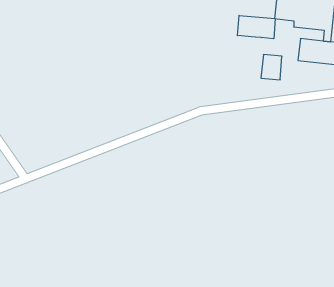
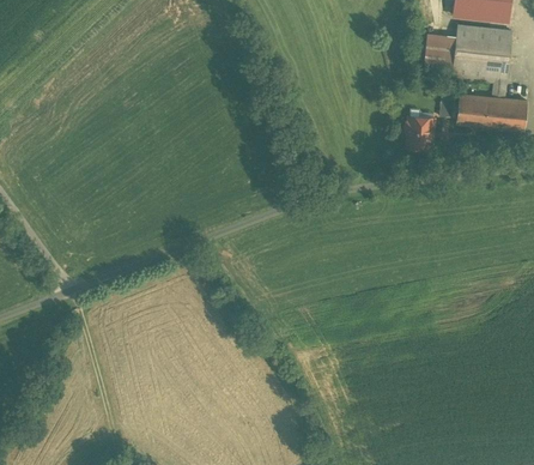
building: [237,15,275,39] -> none

